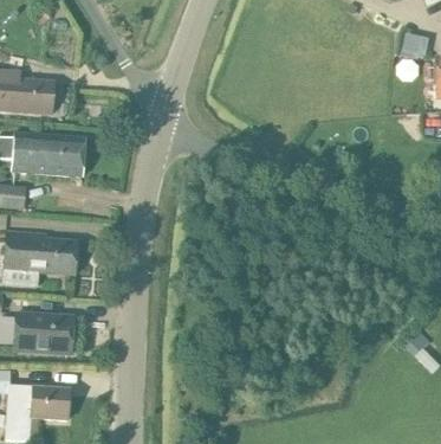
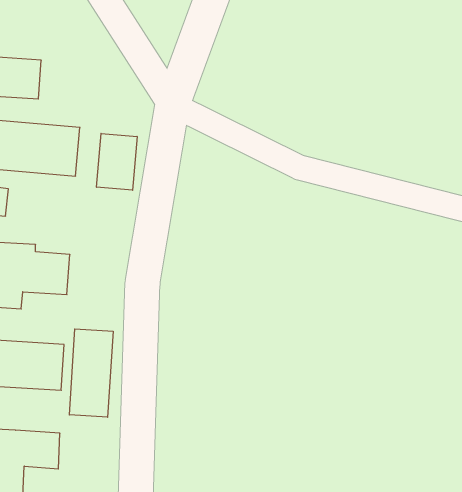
building: none -> [97,133,137,190]
building: none -> [69,329,113,417]

